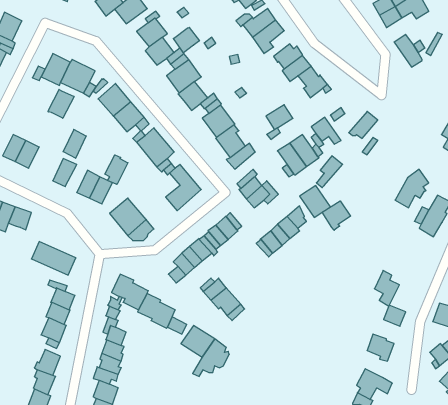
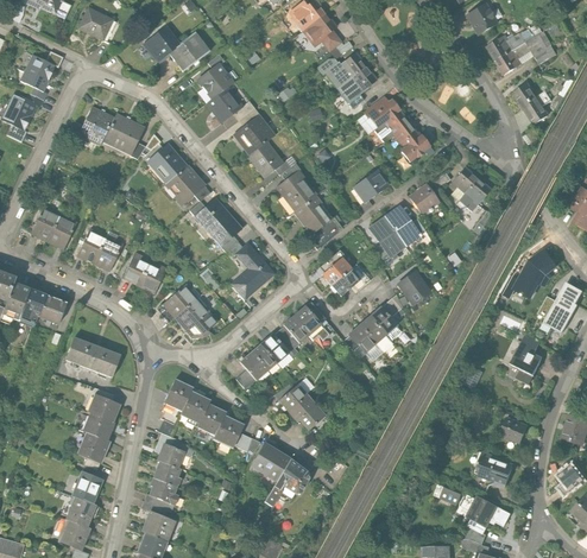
building: [173,27,199,53] -> none
building: [48,89,74,118] -> none
building: [63,129,86,158] -> [76,228,105,264]
building: [105,155,128,184] -> none
building: [316,156,343,188] -> [447,167,479,207]
building: [322,201,351,230] -> none
building: [374,270,399,306] -> [510,340,541,383]

